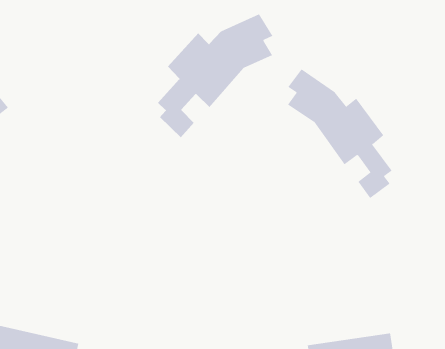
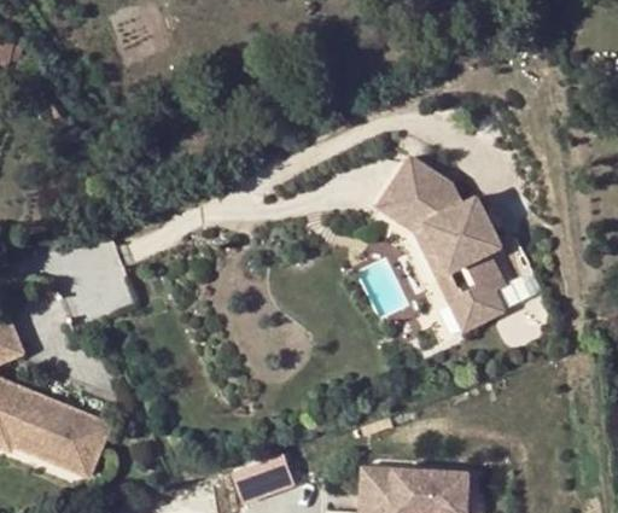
building: [157,13,273,138] -> none
building: none -> [378,170,503,330]

